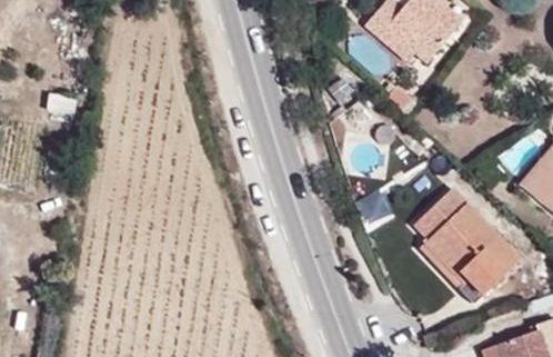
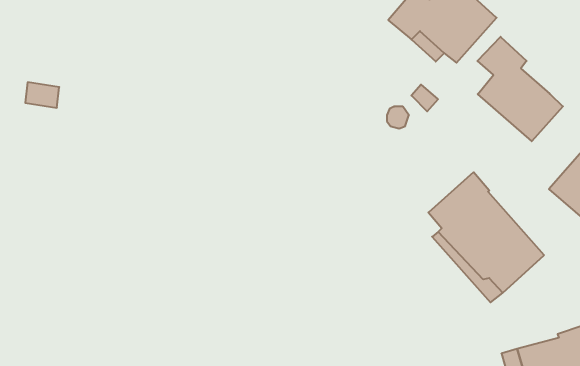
building: none -> [477,37,563,141]

